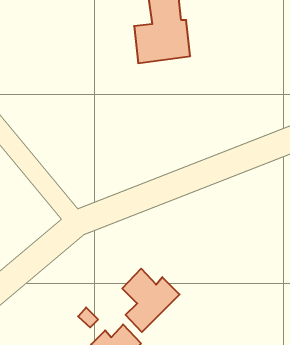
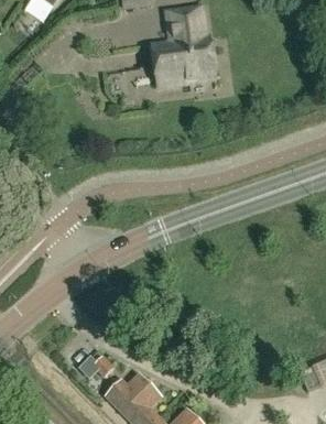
building: [122,269,180,332] -> none

